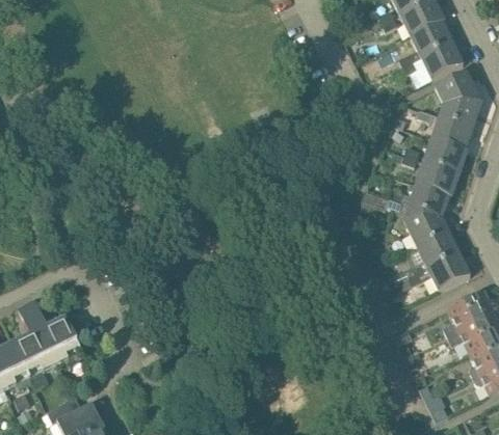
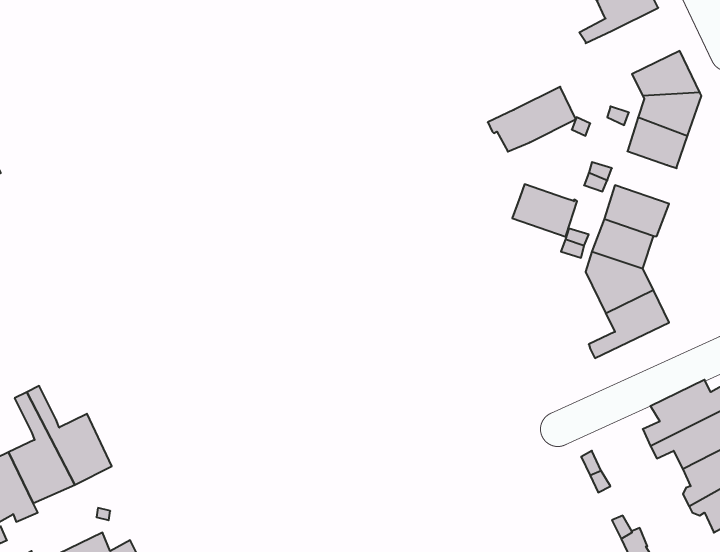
building: [402,42,462,85] -> [488,87,576,152]
building: [422,138,466,173] -> [512,184,577,237]
building: [409,253,469,290] -> none

